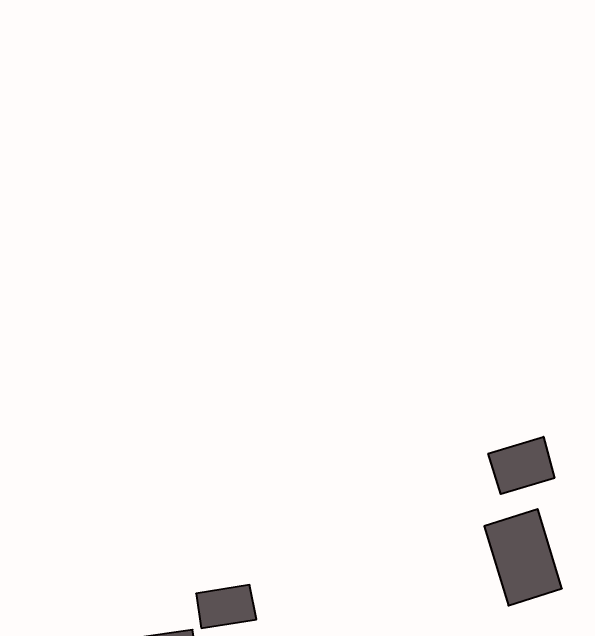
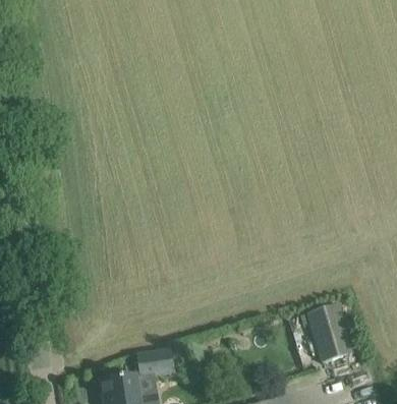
building: [488,437,554,494] -> none

